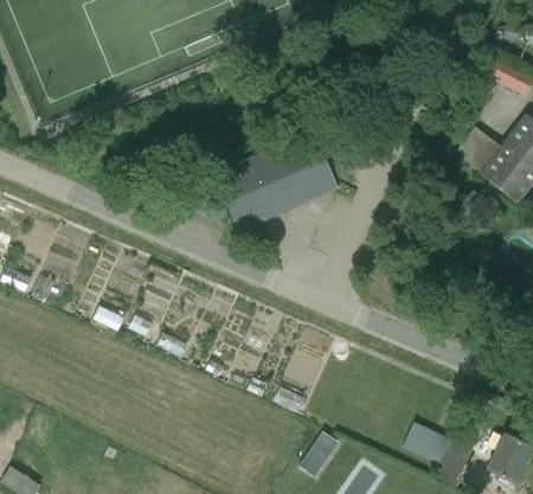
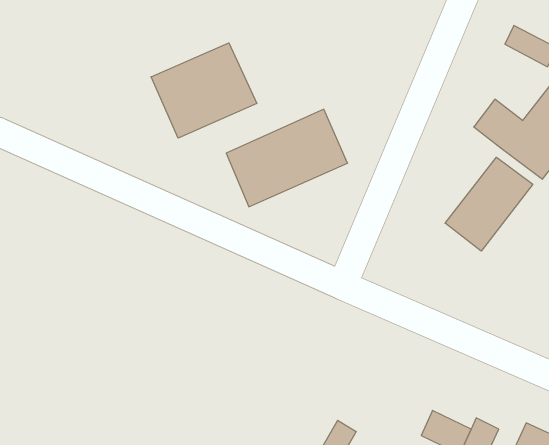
building: none -> [151,43,257,138]
building: none -> [445,157,533,251]

